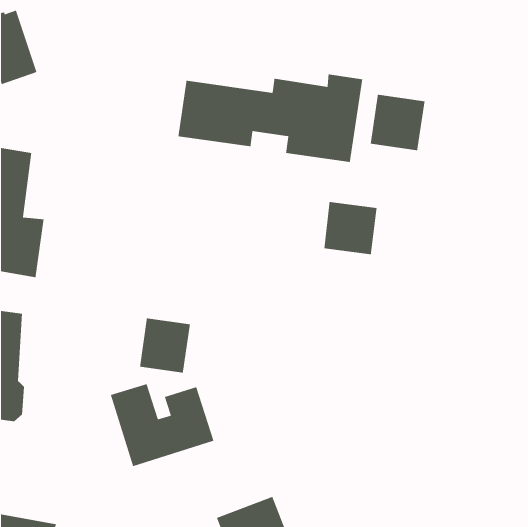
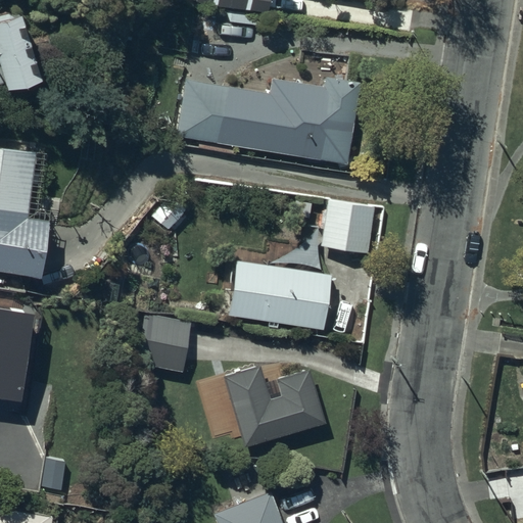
building: [370,94,425,151] -> none
building: none -> [228,260,332,330]
building: [110,383,215,467] -> [222,366,325,448]

